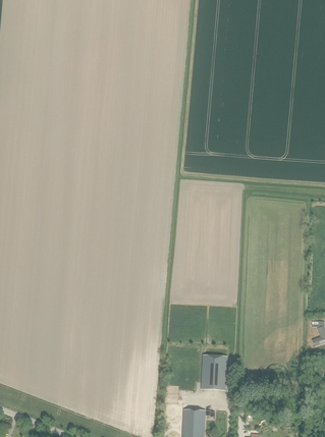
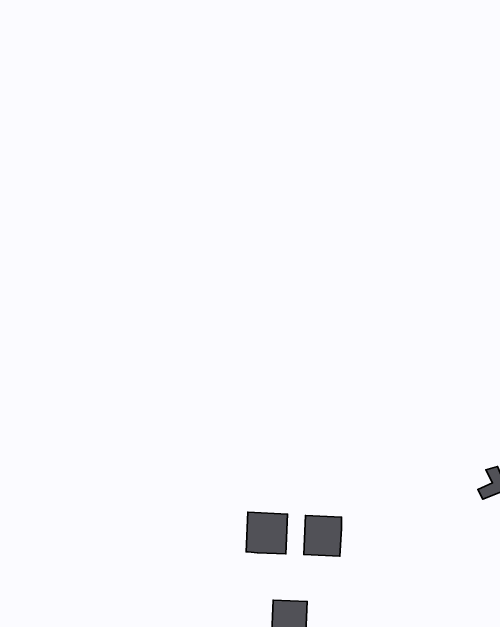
building: none -> [246,512,288,554]

